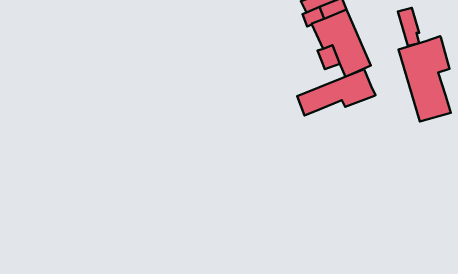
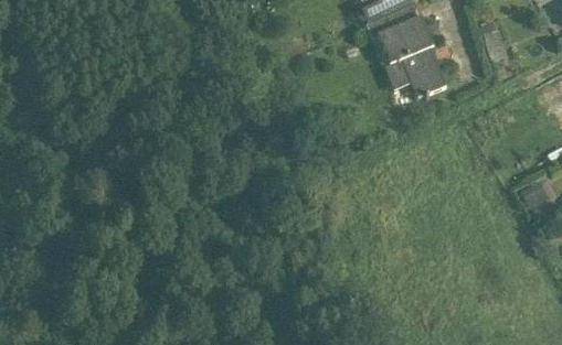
building: [399,36,451,122] -> none
building: [297,69,375,116] -> none

